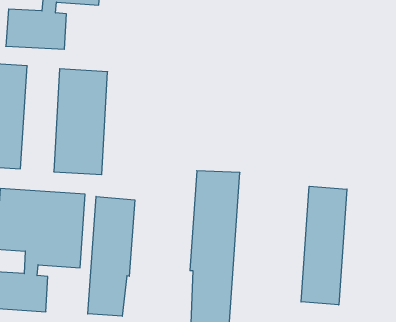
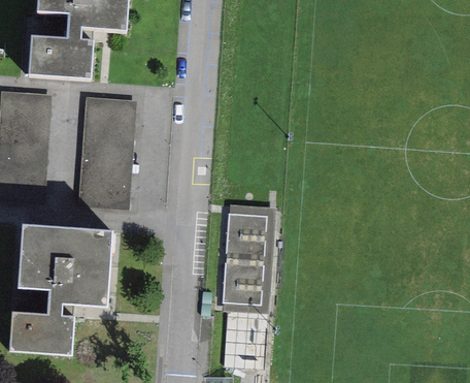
building: [301,186,347,305] -> none
building: [88,196,135,316] -> none

